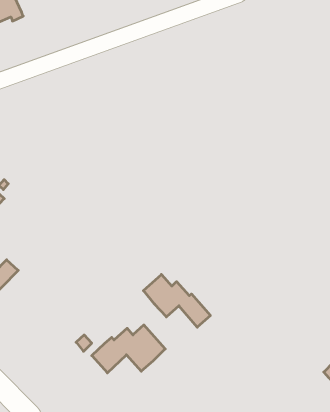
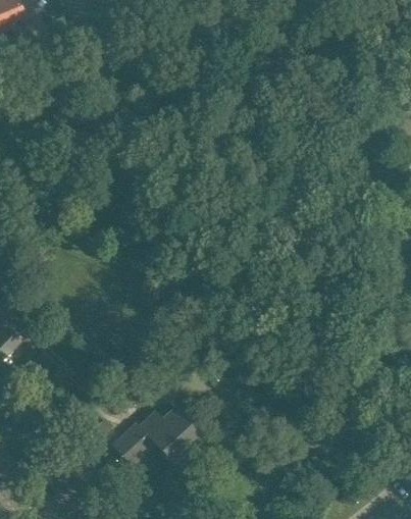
building: [143,274,210,327] -> none

